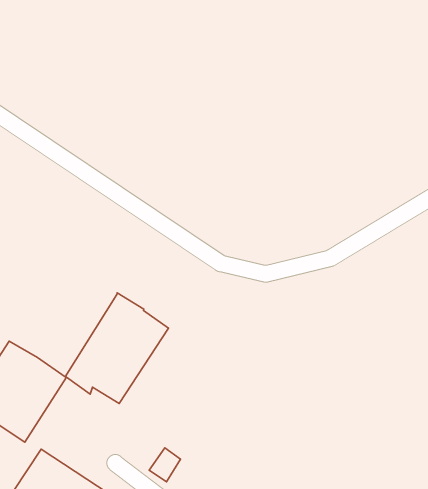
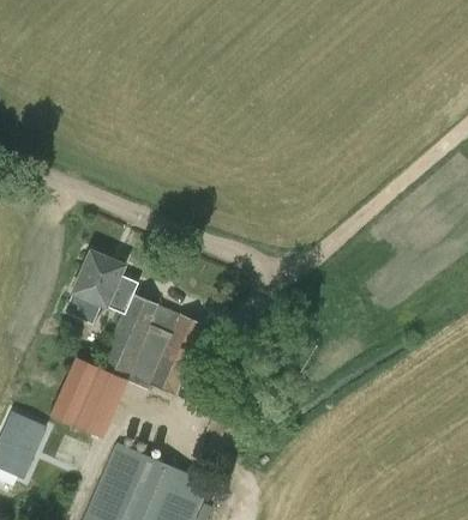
building: none -> [66,254,157,380]

